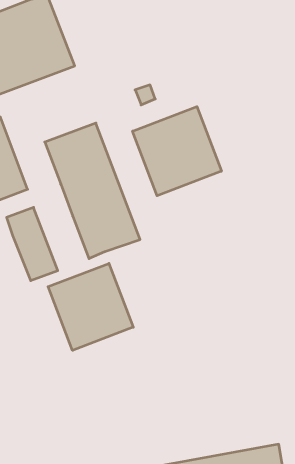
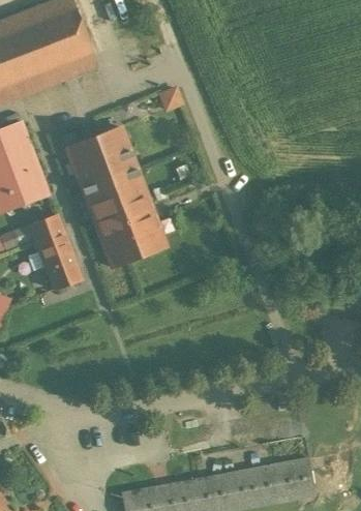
building: [133,107,221,196] -> none
building: [48,263,133,350] -> none

